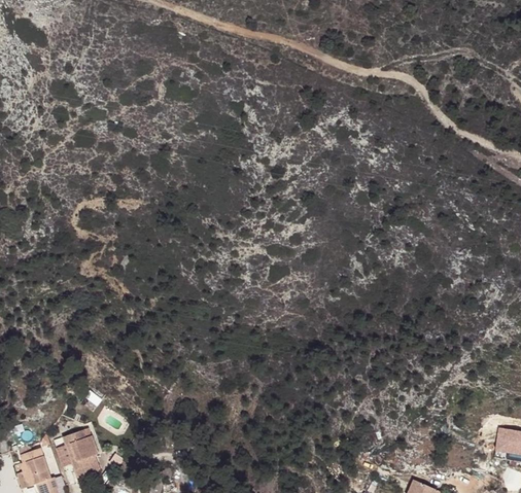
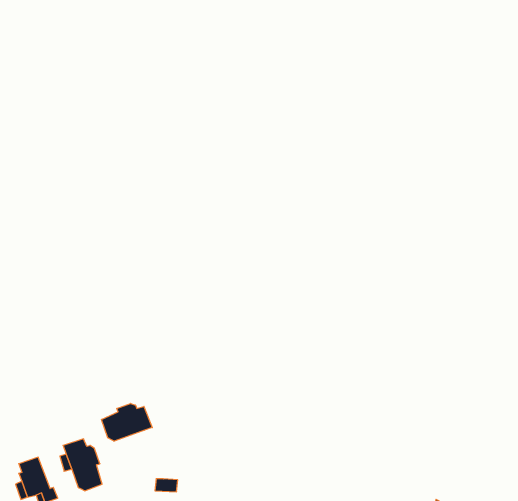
building: none -> [102,403,152,441]

